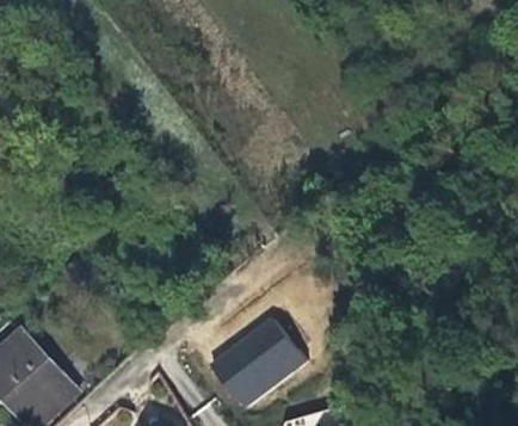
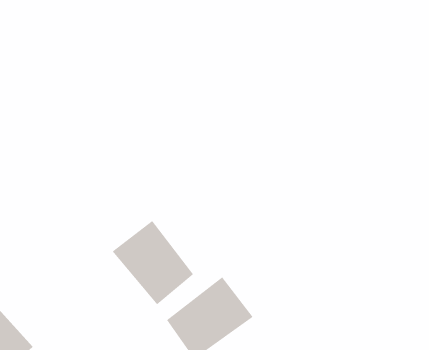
building: none -> [112,220,194,305]

